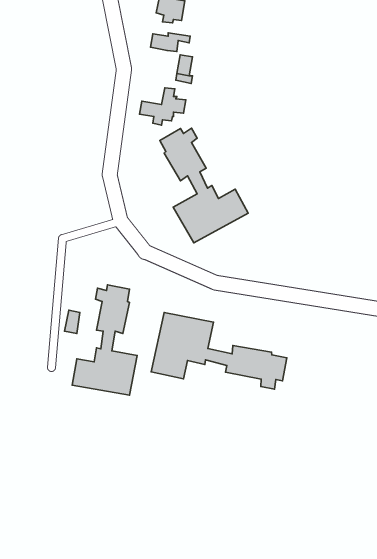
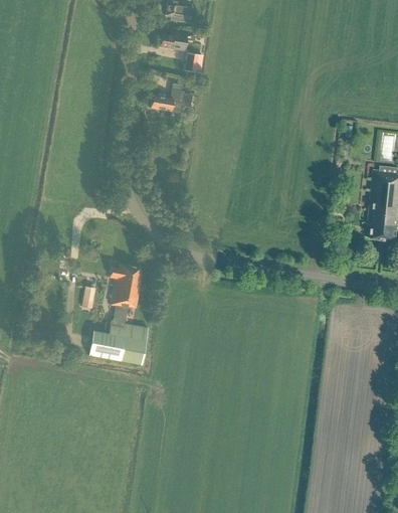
building: [160,128,248,243] -> none
building: [151,313,287,389] -> none

